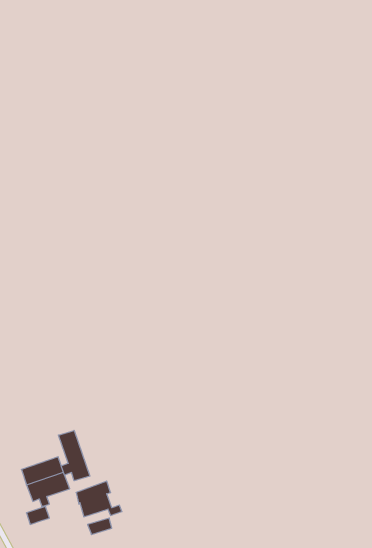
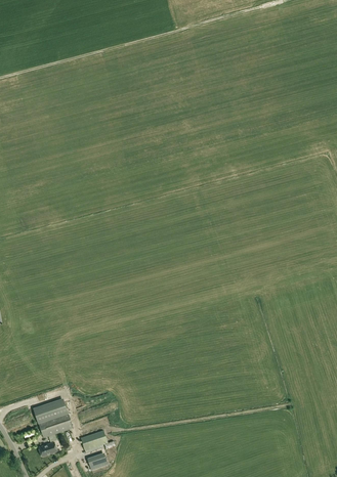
building: [58,430,90,481] -> none

